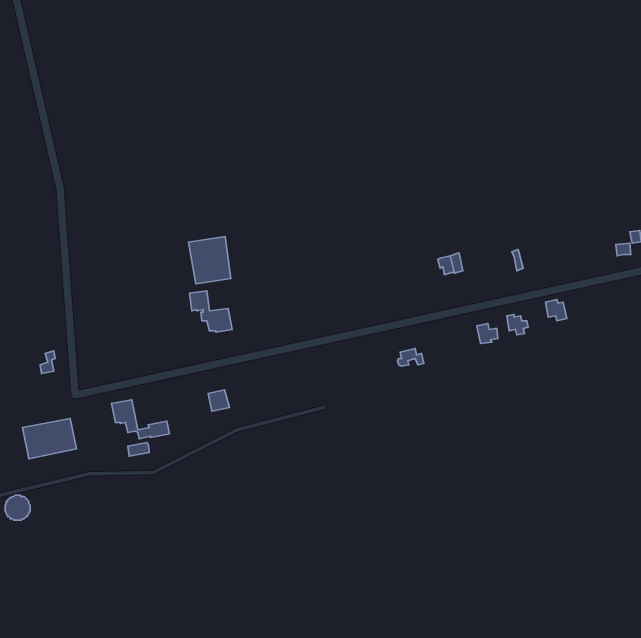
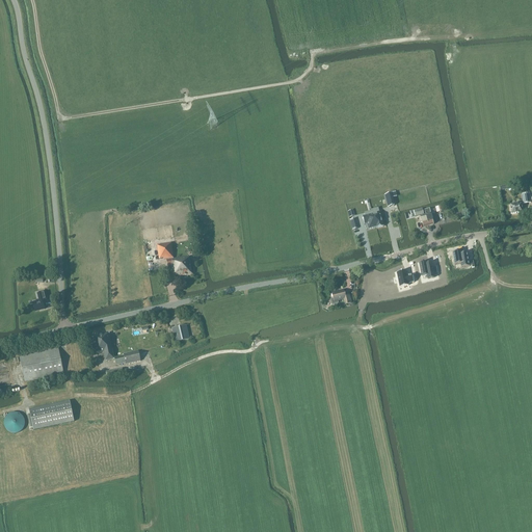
building: [188,237,231,284] -> none
building: none -> [29,399,74,428]

